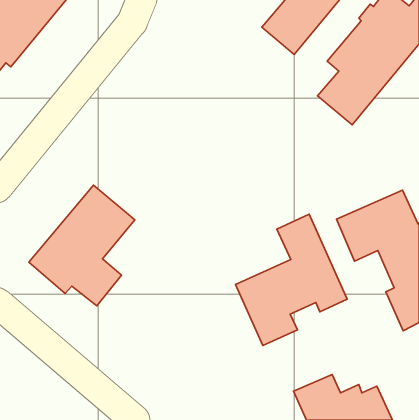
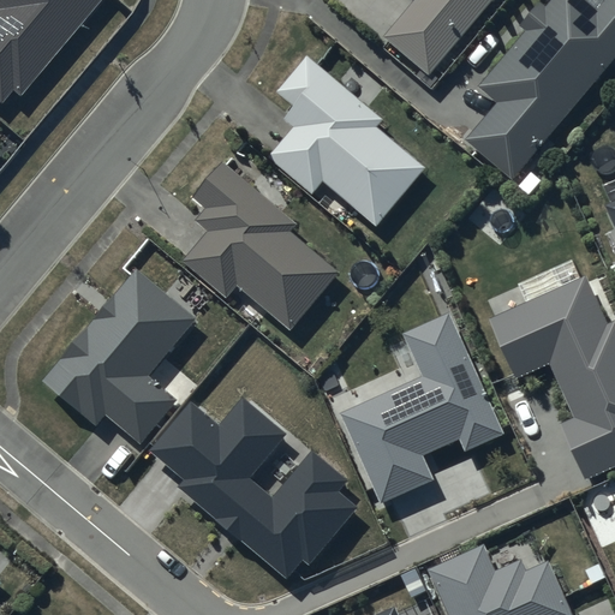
building: none -> [267,55,425,227]
building: none -> [181,162,339,332]
building: none -> [149,398,358,580]

